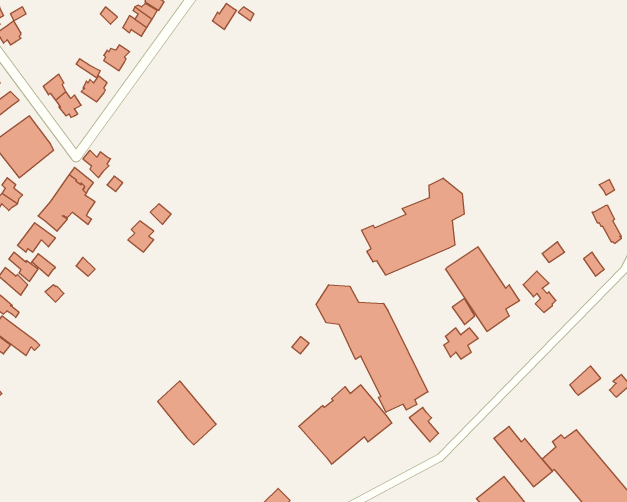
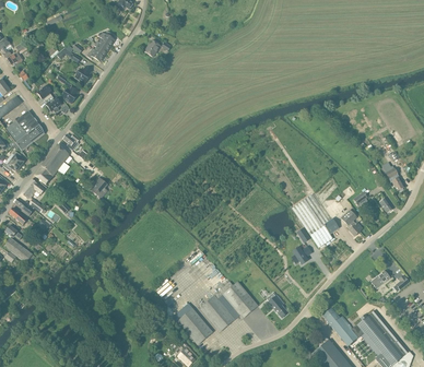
building: [362,178,464,275] -> none
building: [316,285,428,412] -> none
building: [158,381,216,445] -> [175,304,212,344]

